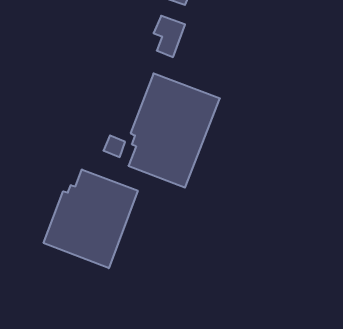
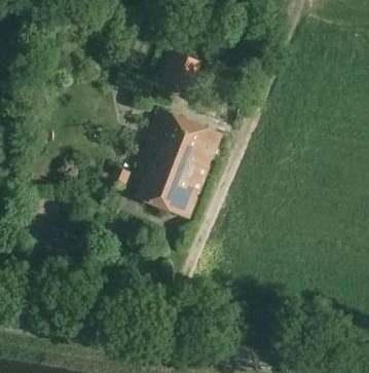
building: [44,169,138,268] -> none

